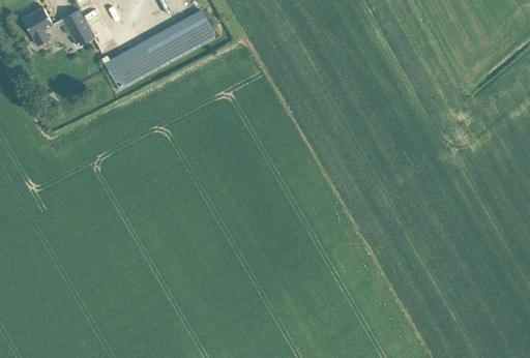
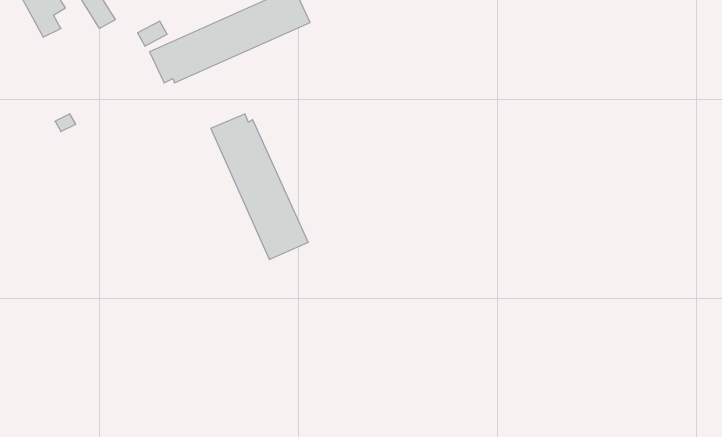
building: none -> [211,114,308,260]

